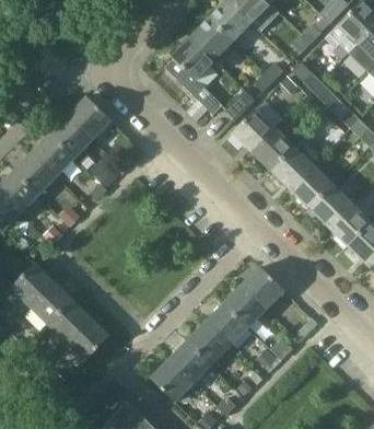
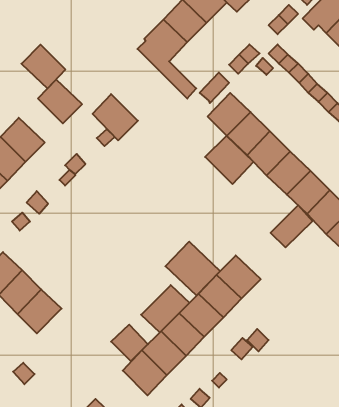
building: none -> [93,94,138,140]
building: [50,114,93,156] -> [21,45,65,89]
building: none -> [205,136,254,184]
building: none -> [271,205,313,247]
building: none -> [165,242,220,296]
building: none -> [141,285,190,332]
building: [68,317,109,359] -> none
building: none -> [111,325,148,361]

